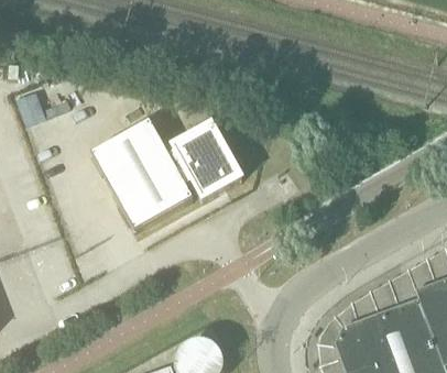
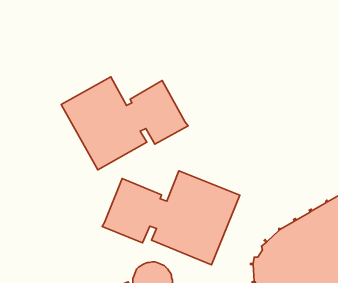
building: none -> [102,171,240,265]

